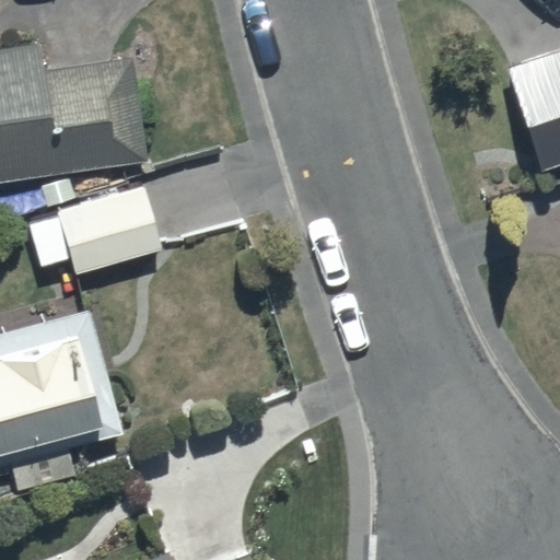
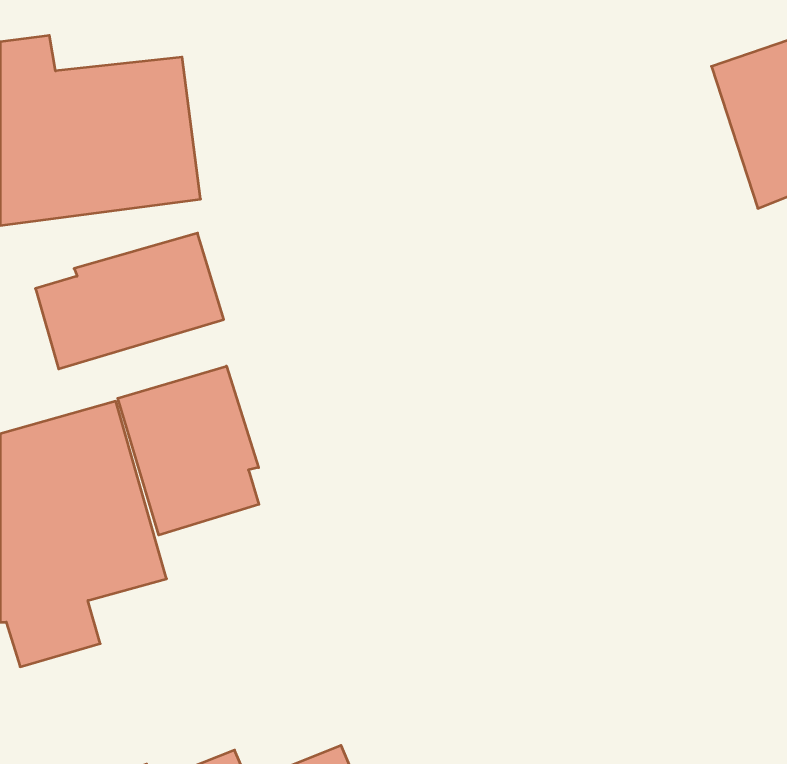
building: none -> [118,366,259,535]

